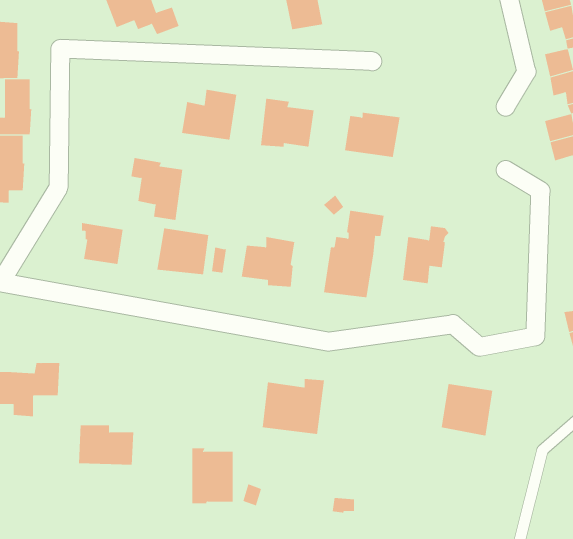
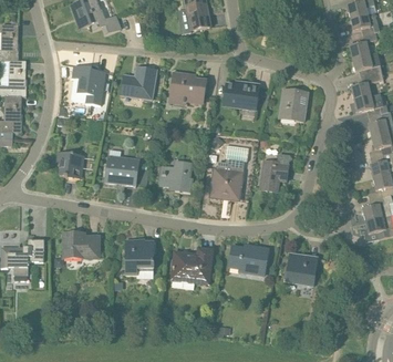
building: none -> [279,87,306,120]
building: [130,157,183,220] -> [72,64,105,104]
building: none -> [229,245,268,276]
building: [78,425,134,465] -> [63,232,99,258]
building: [191,448,234,504] -> [126,239,153,275]

